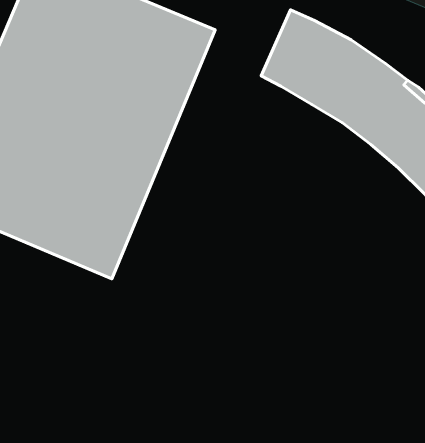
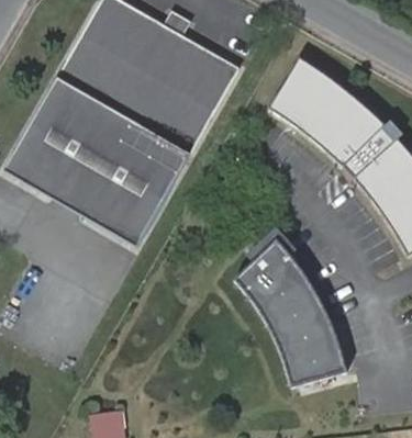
building: none -> [234,237,347,386]

